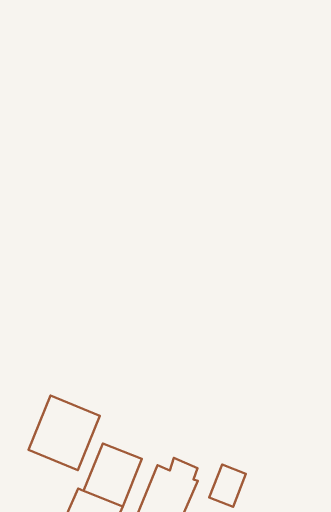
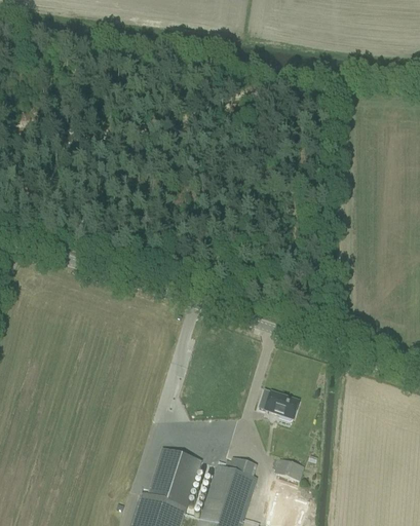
building: none -> [258,389,298,419]
building: [29,395,100,470] -> none

